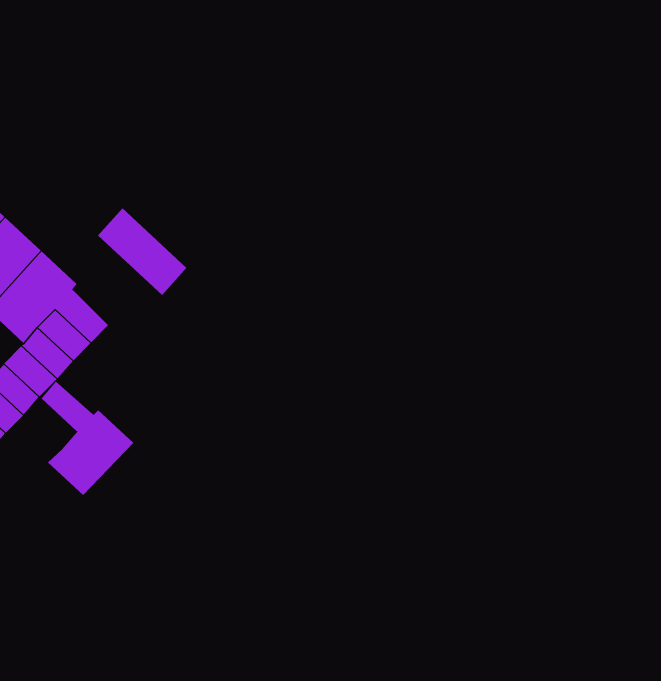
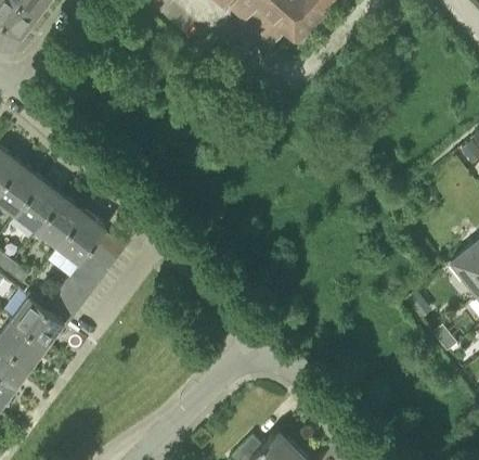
building: [97,207,187,296] -> none
building: [41,381,134,496] -> none

